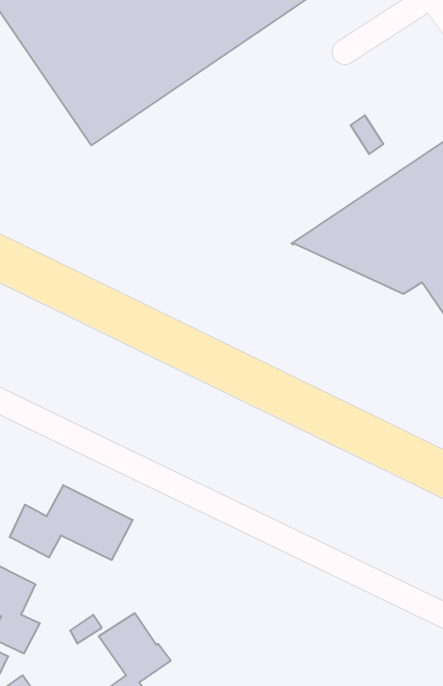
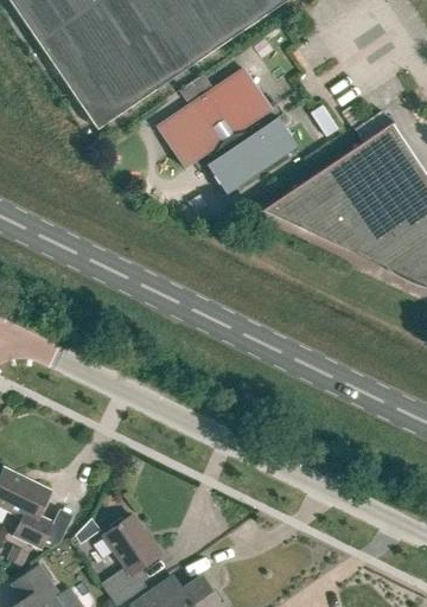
building: none -> [157,68,297,194]
building: [10,485,133,560] -> none

